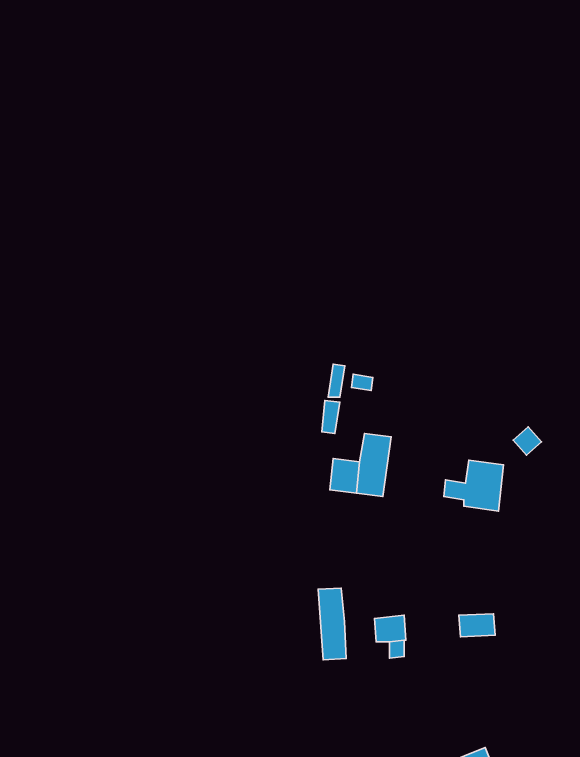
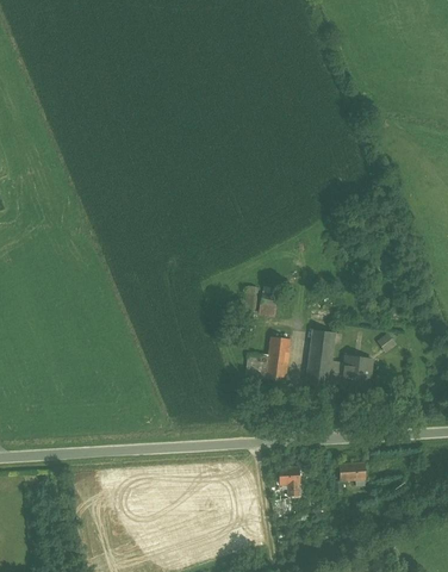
building: none -> [306,328,335,385]
building: [318,588,346,660] -> none

